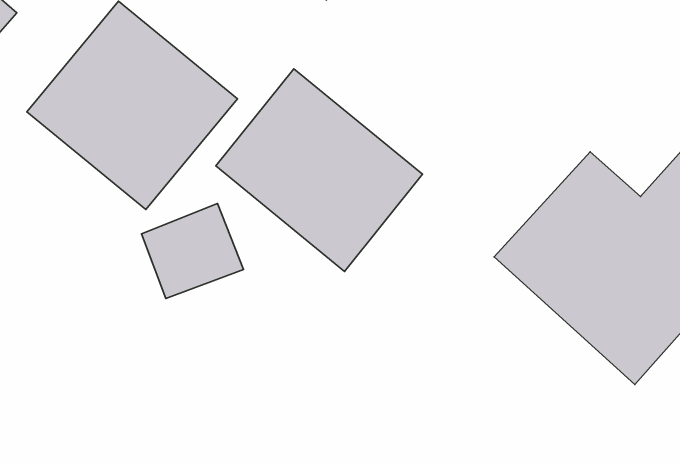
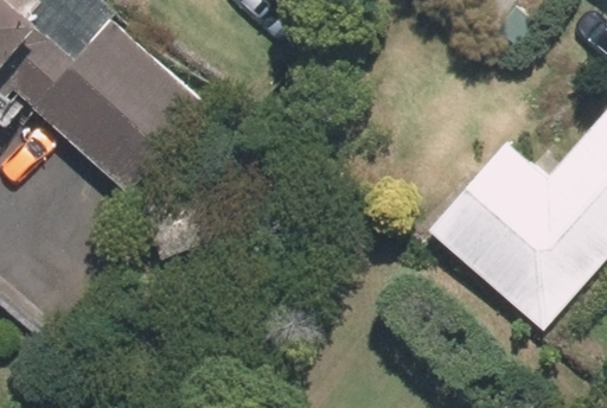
building: [216,69,423,271] -> none

